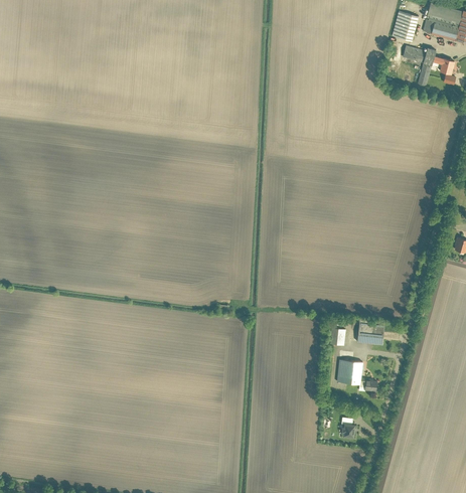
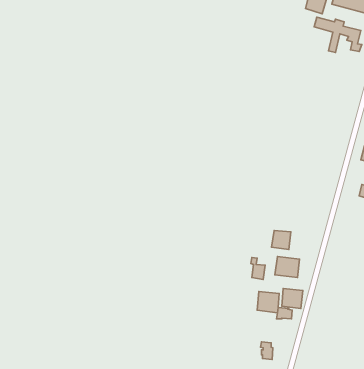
building: none -> [272,231,291,250]
building: none -> [282,289,303,309]

